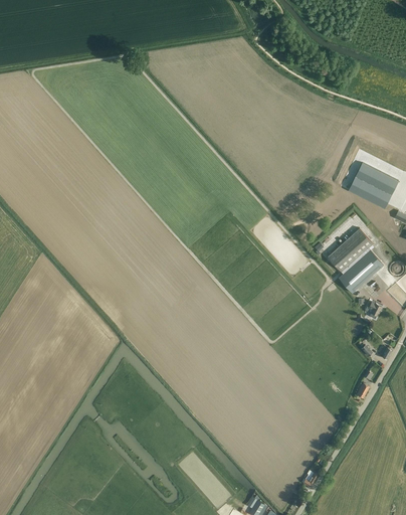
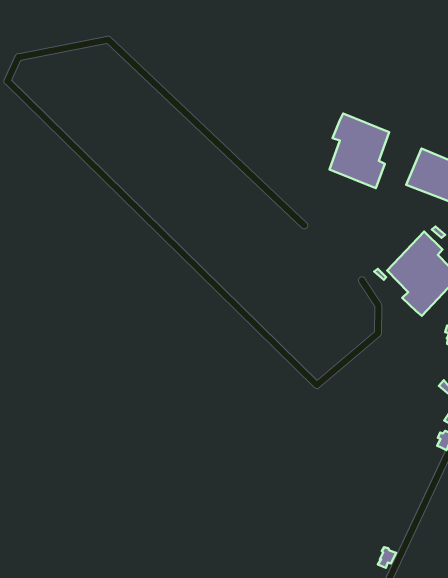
building: none -> [329,113,389,188]

